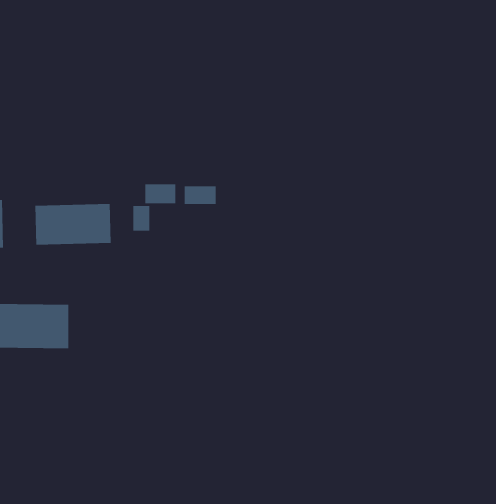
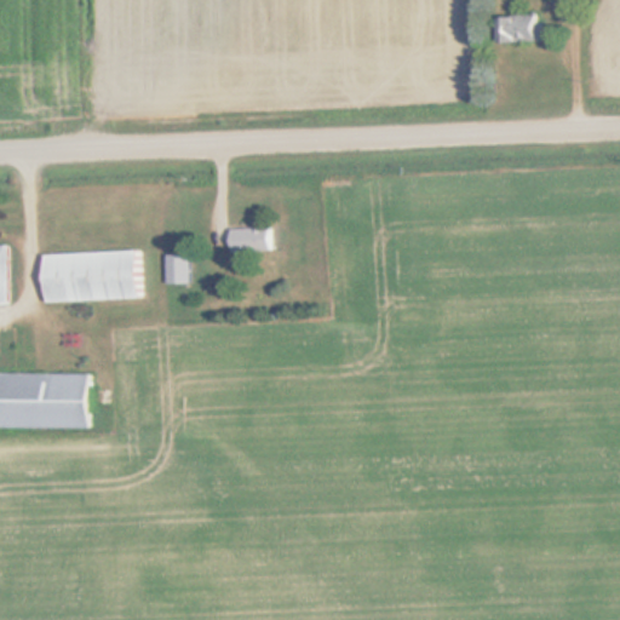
building: none -> [498,17,538,44]
building: [145,183,176,204] -> none

